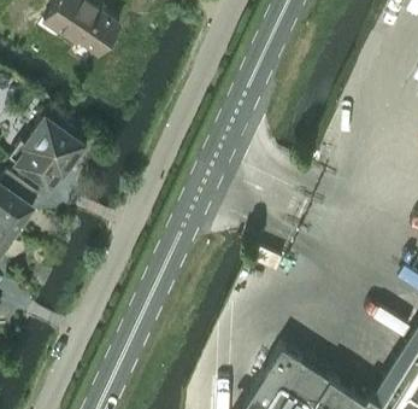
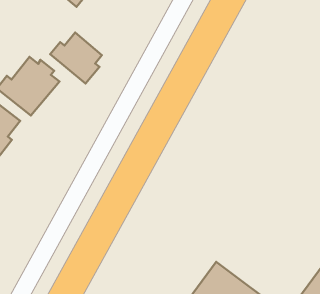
building: none -> [50,32,102,84]

